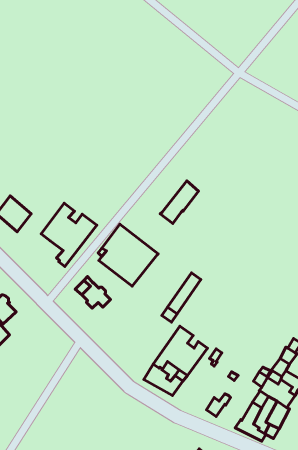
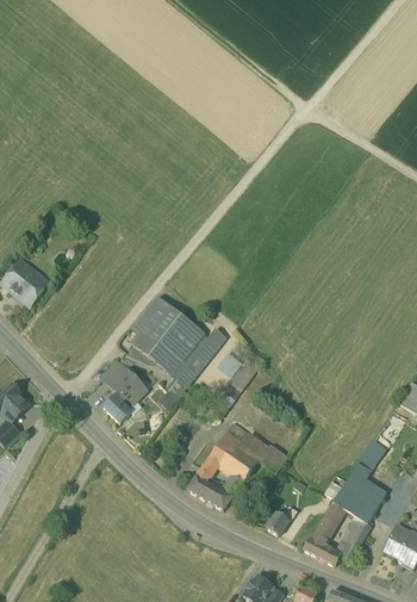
building: [160,181,198,223] -> [170,334,218,387]
building: [41,203,97,267] -> none
building: none -> [102,393,136,423]

